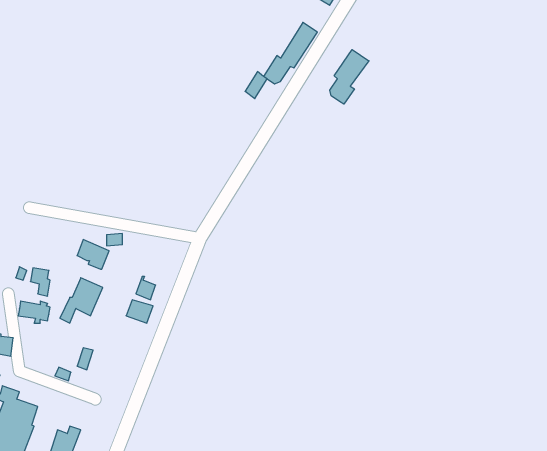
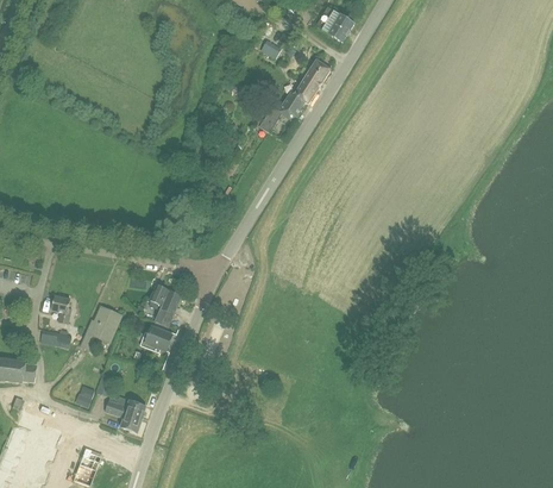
building: [330,50,369,104] -> none
building: [77,240,109,269] -> [150,284,181,313]
building: none -> [103,396,145,432]

